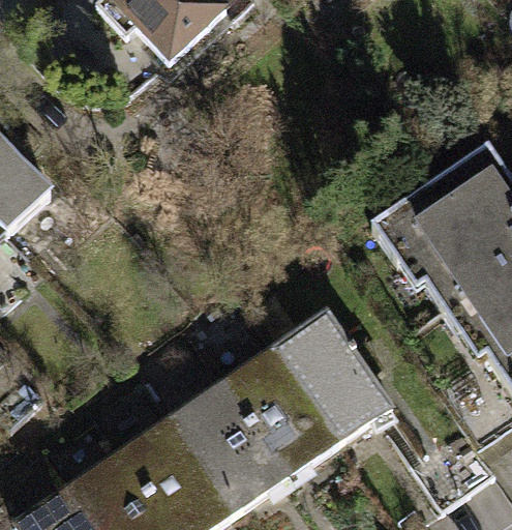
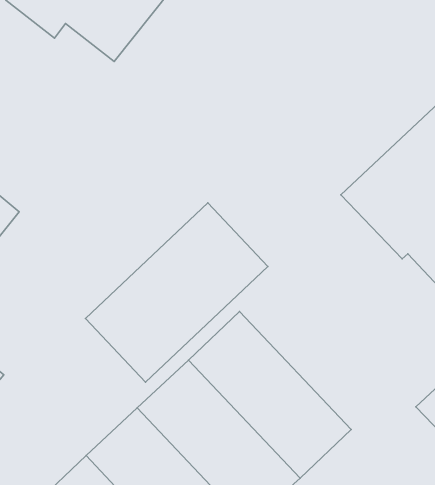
building: none -> [86,203,268,382]
building: [269,296,415,464] -> none

